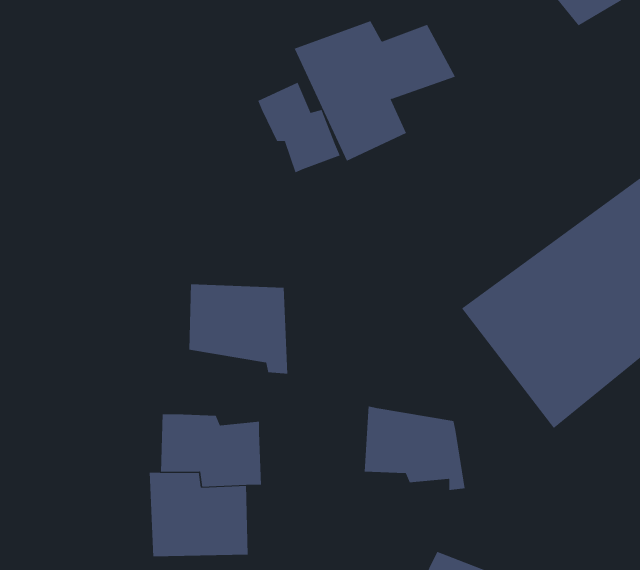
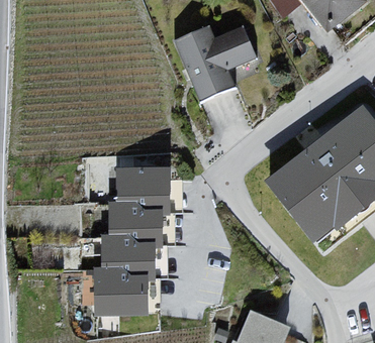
building: [257,82,341,173] -> none
building: [364,406,466,491] -> [109,202,164,247]

